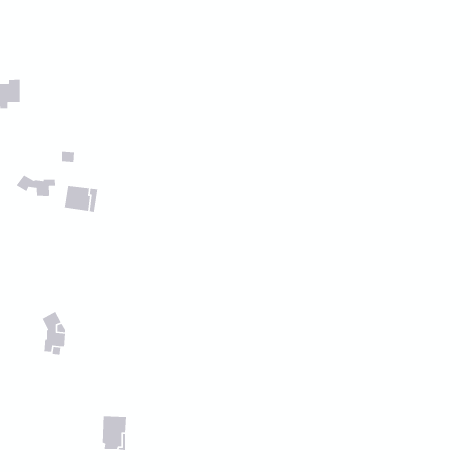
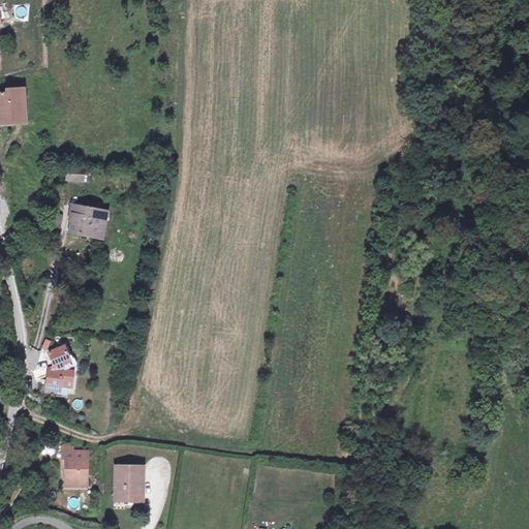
building: [16,175,56,197] -> none
building: none -> [63,443,89,484]

